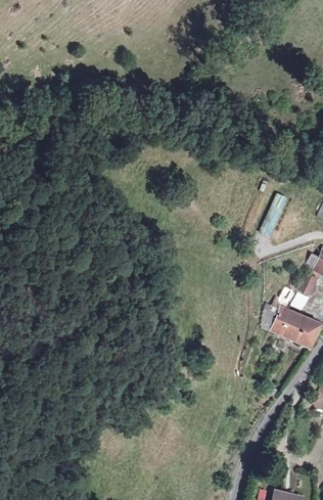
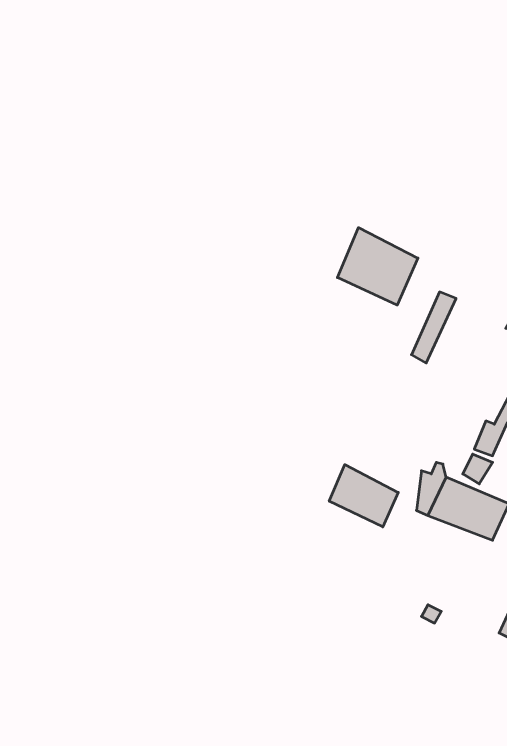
building: none -> [337,228,418,305]
building: none -> [329,465,398,527]

